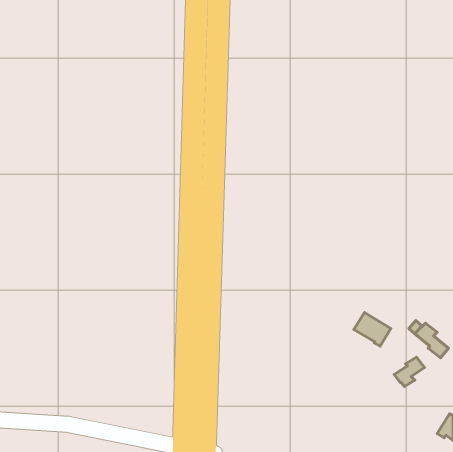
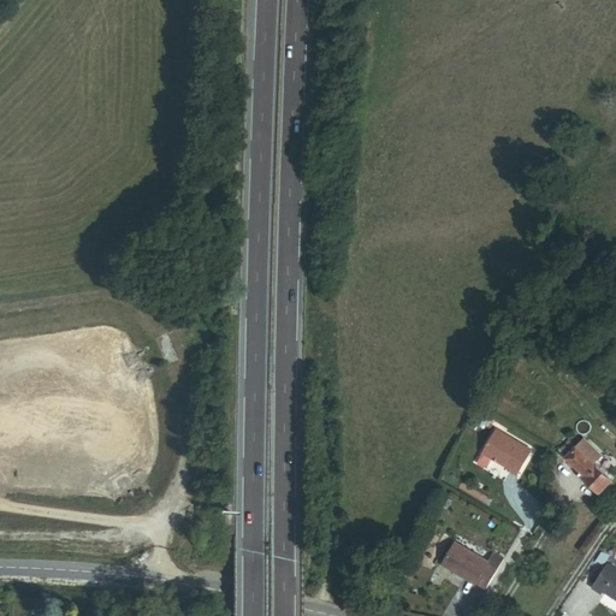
building: [394,357,425,386] -> none
building: none -> [448,550,505,590]

